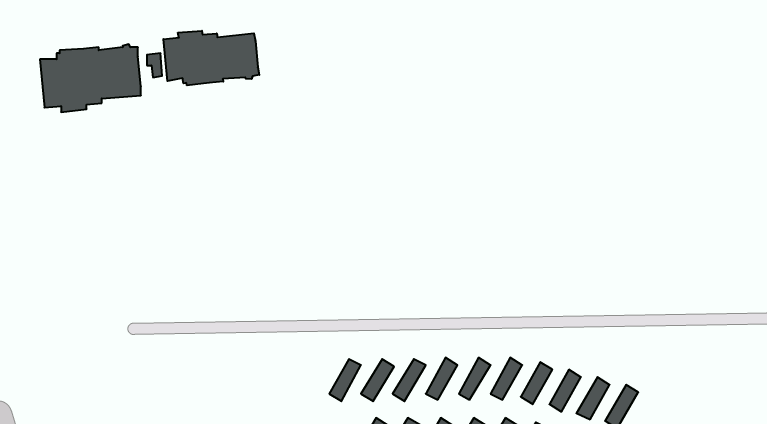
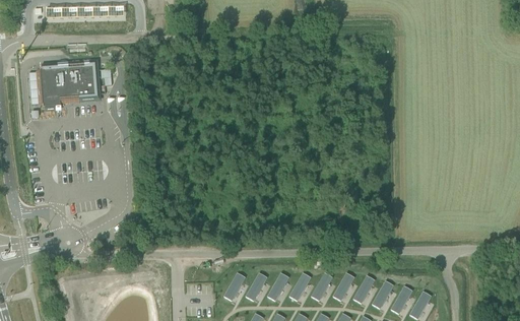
building: [163,31,259,85] -> none

